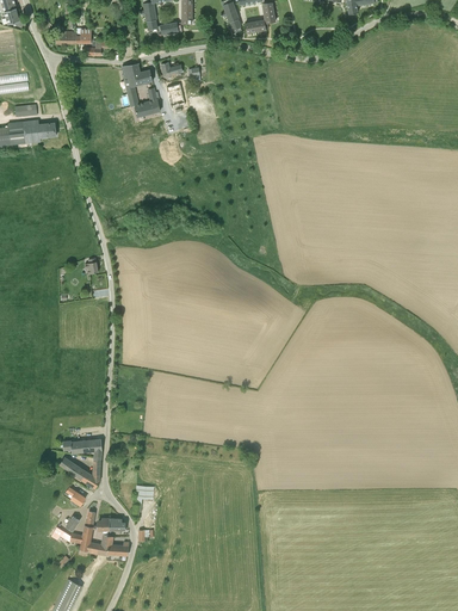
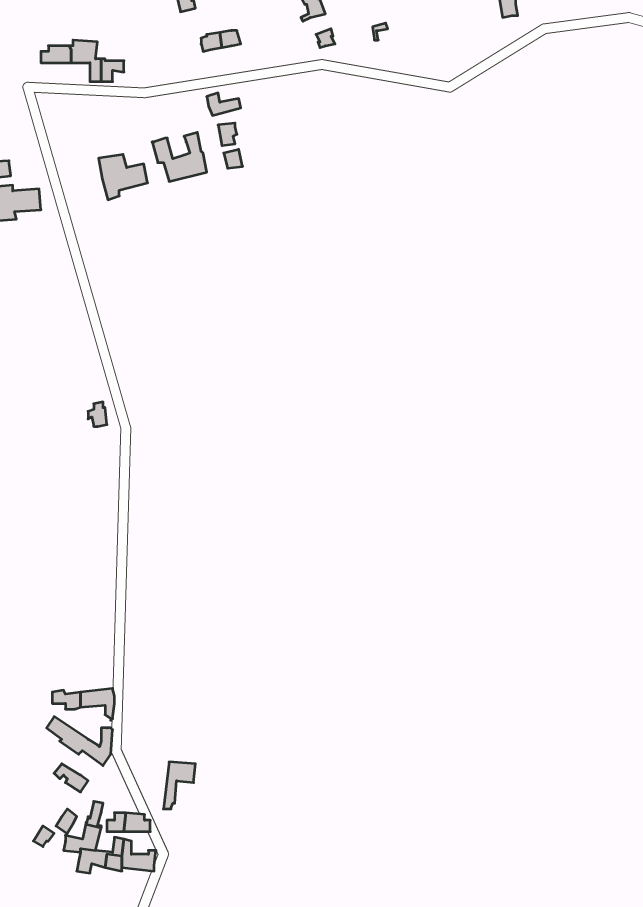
building: [122,64,153,93] -> [99,154,148,200]

